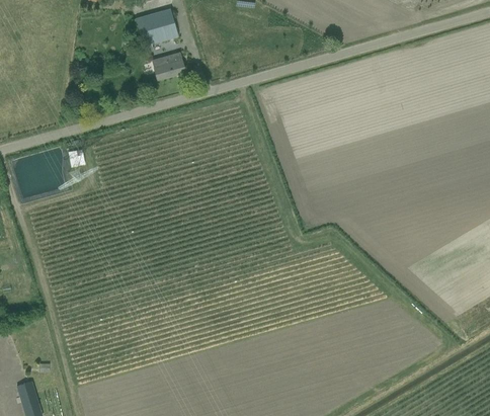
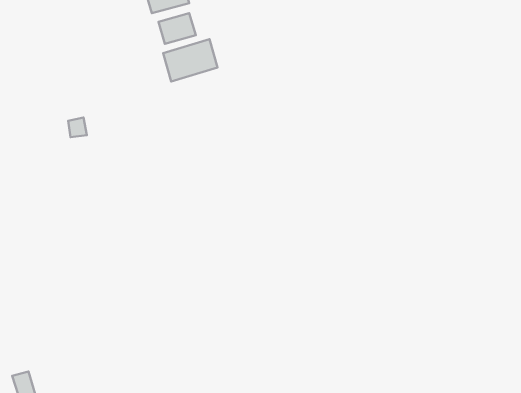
building: none -> [163,39,217,82]

